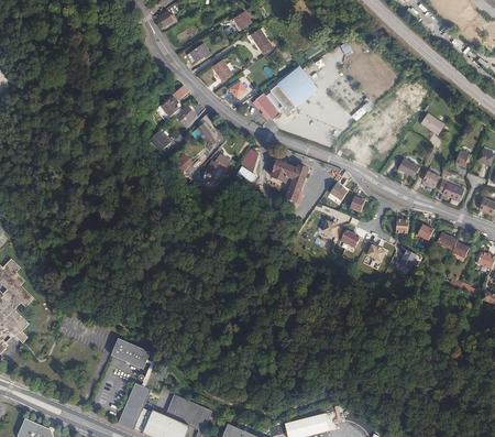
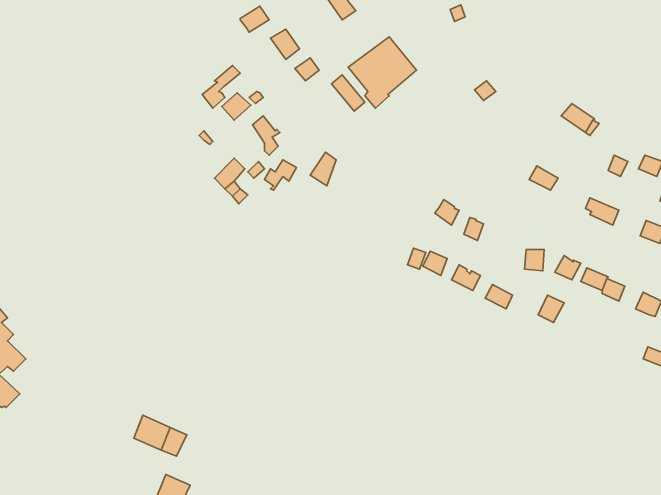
building: [271,161,308,204] -> none

